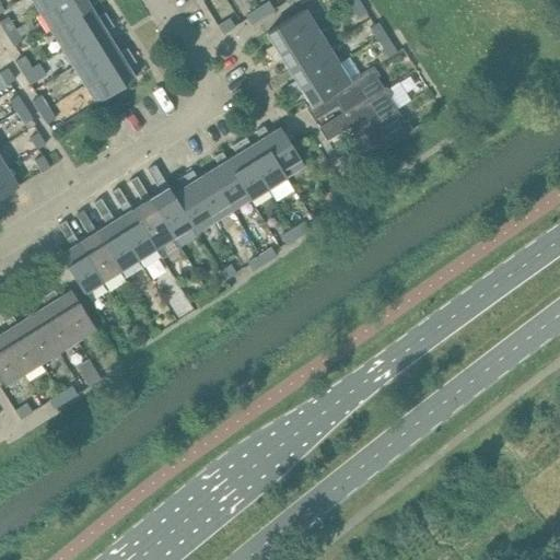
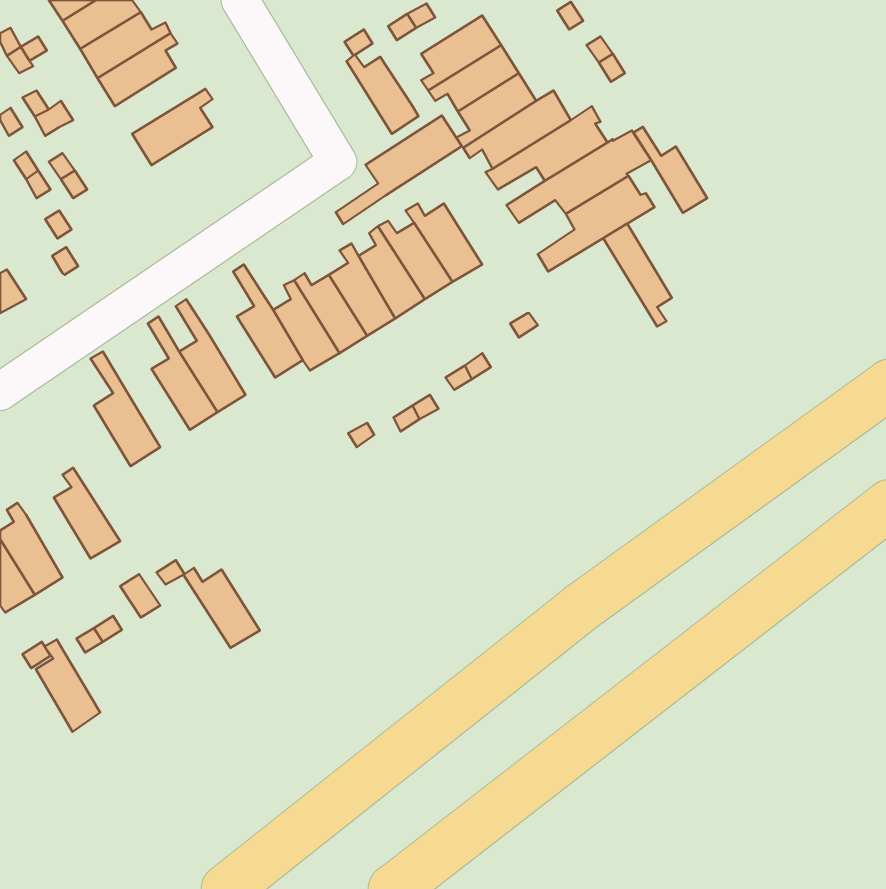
building: none -> [346,55,419,134]
building: [74,43,131,84] -> none
building: none -> [336,115,462,224]
building: none -> [633,127,707,213]
building: none -> [603,224,672,326]
building: [130,177,175,248] -> none
building: [77,210,121,281] -> none
building: [48,290,96,340] -> [183,568,260,648]
building: [19,305,59,363] -> [36,639,100,732]

